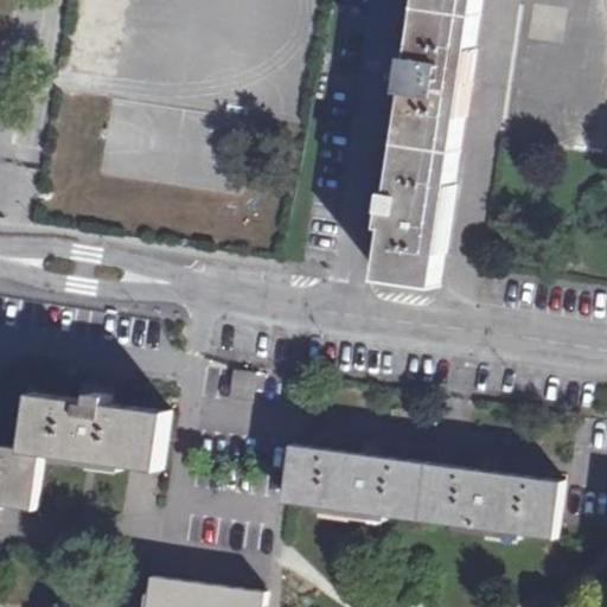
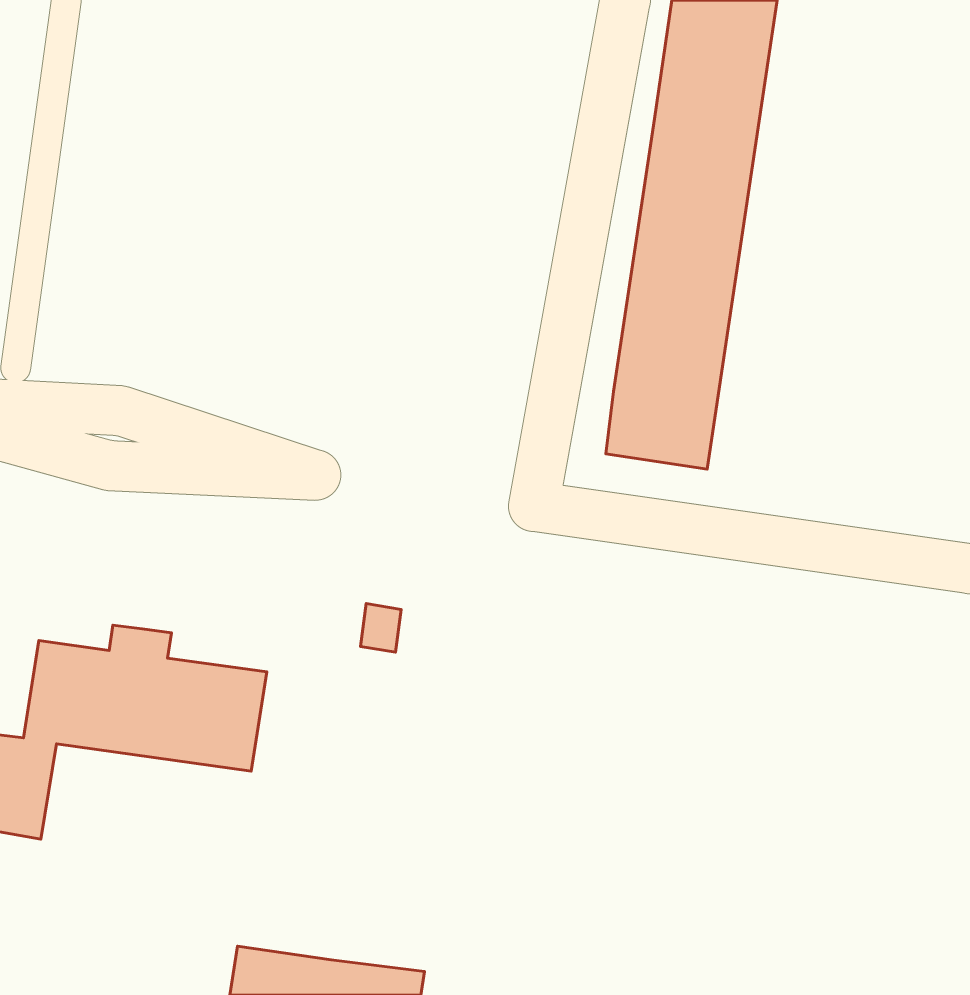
building: [276,443,557,539] -> none

